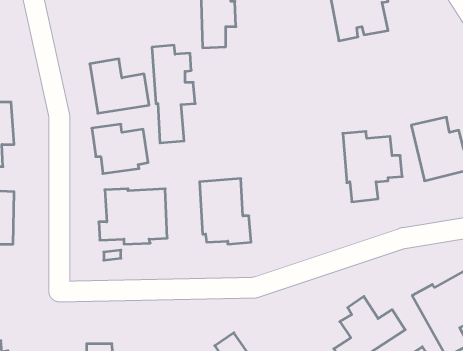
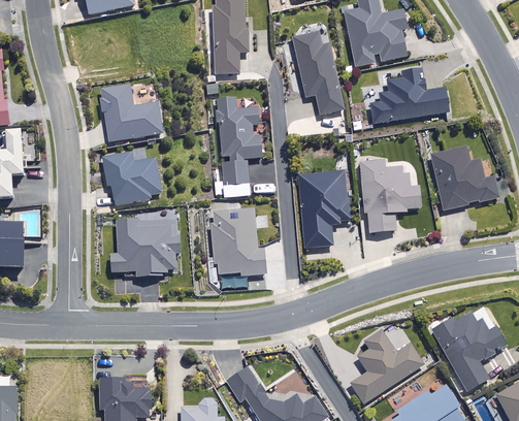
building: none -> [292,31,344,115]
building: none -> [369,68,448,124]
building: [152,45,195,143] -> [218,97,262,197]
building: none -> [300,169,351,248]

